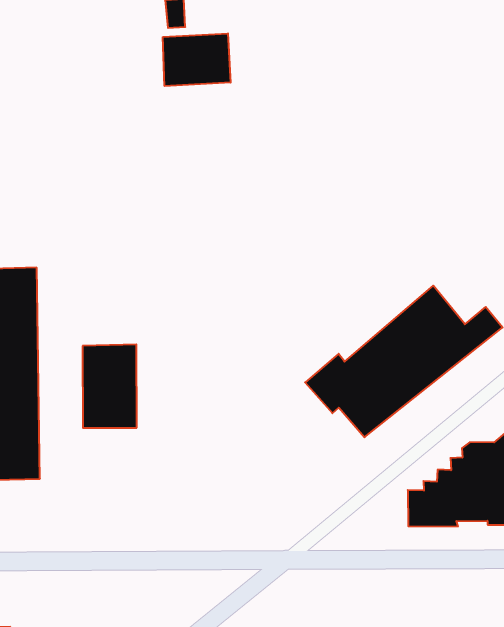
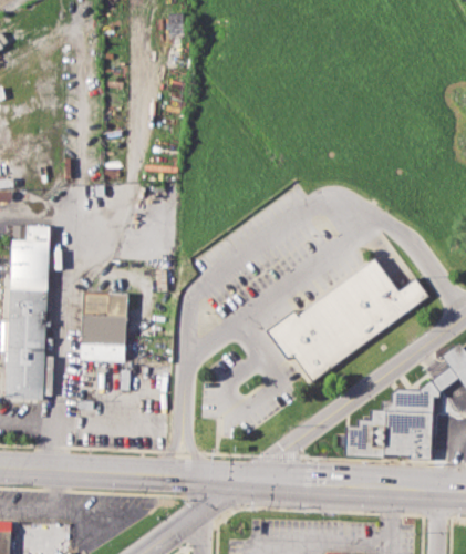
building: [163,33,231,86] -> none

